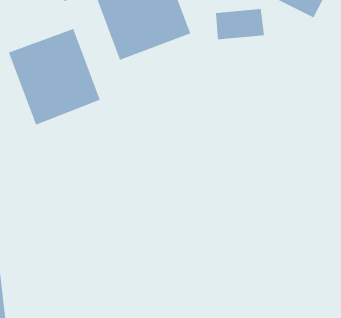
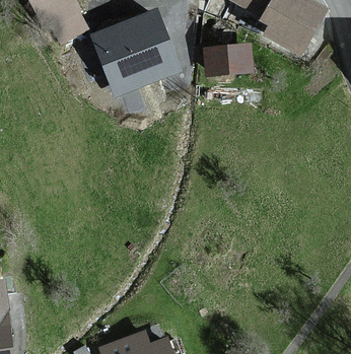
building: [8,28,100,125] -> none

